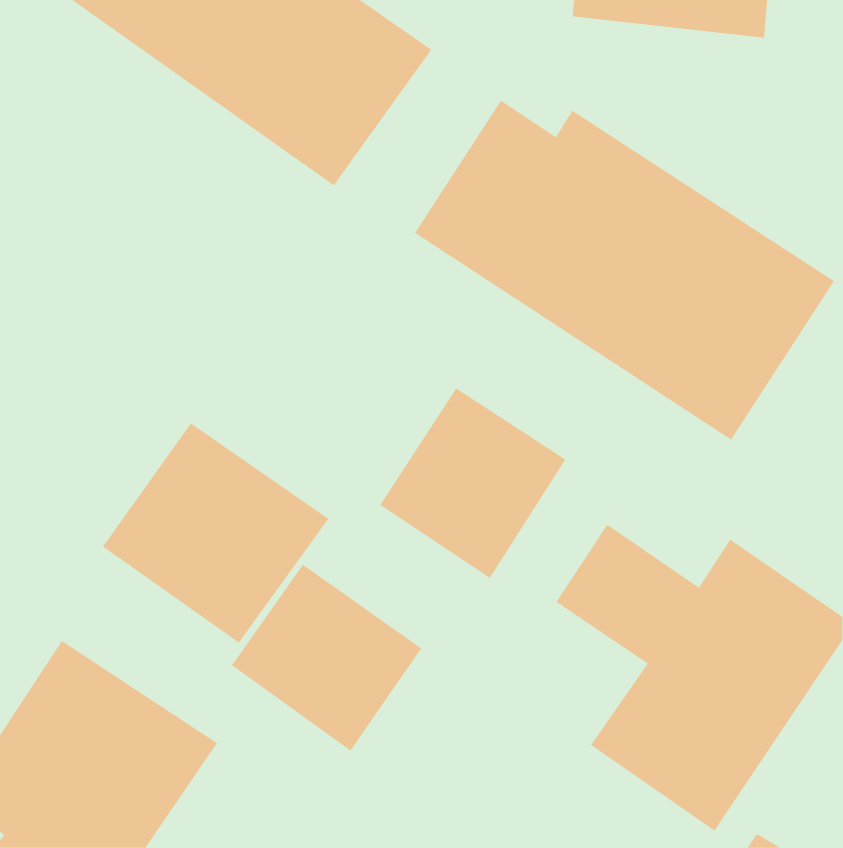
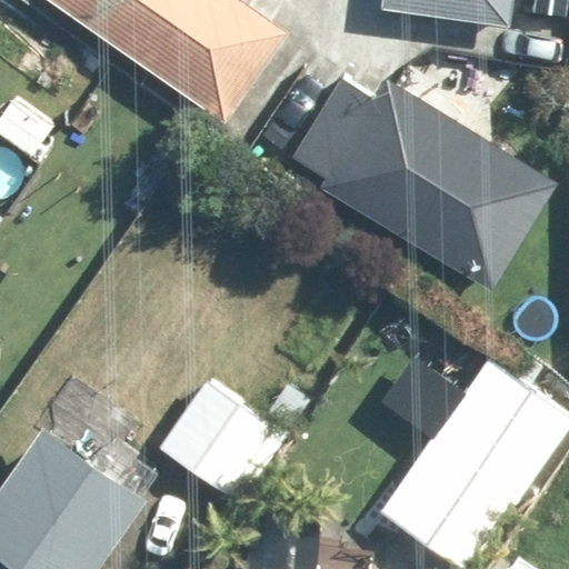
building: [379,387,566,579] -> none
building: [102,422,329,644] -> none

